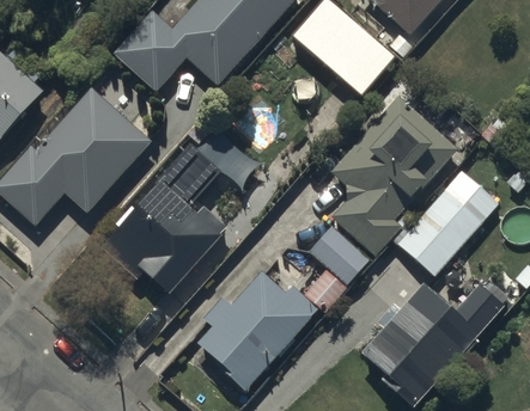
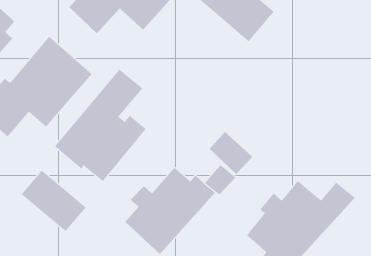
building: [329,96,457,254] -> none
building: [398,184,486,275] -> none
building: none -> [21,170,86,232]

